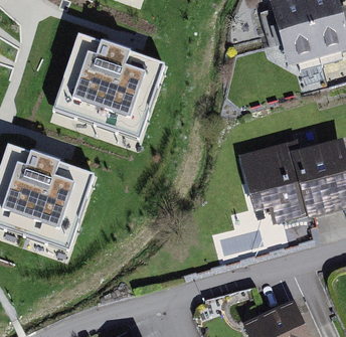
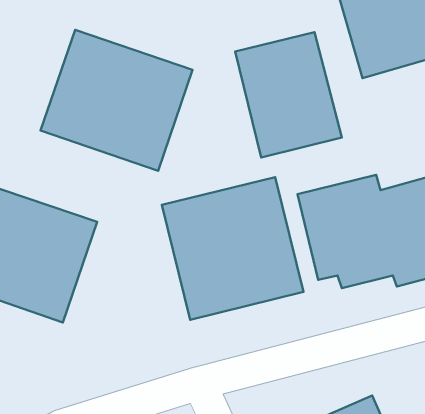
building: none -> [235,32,342,158]
building: none -> [162,177,303,320]

